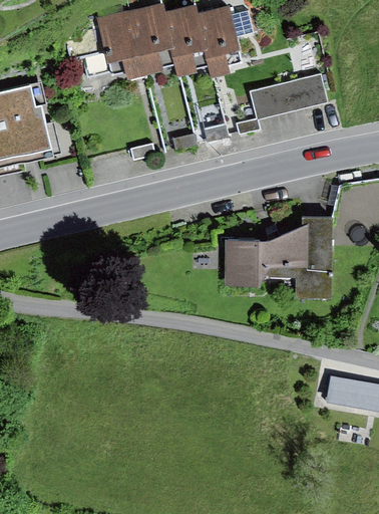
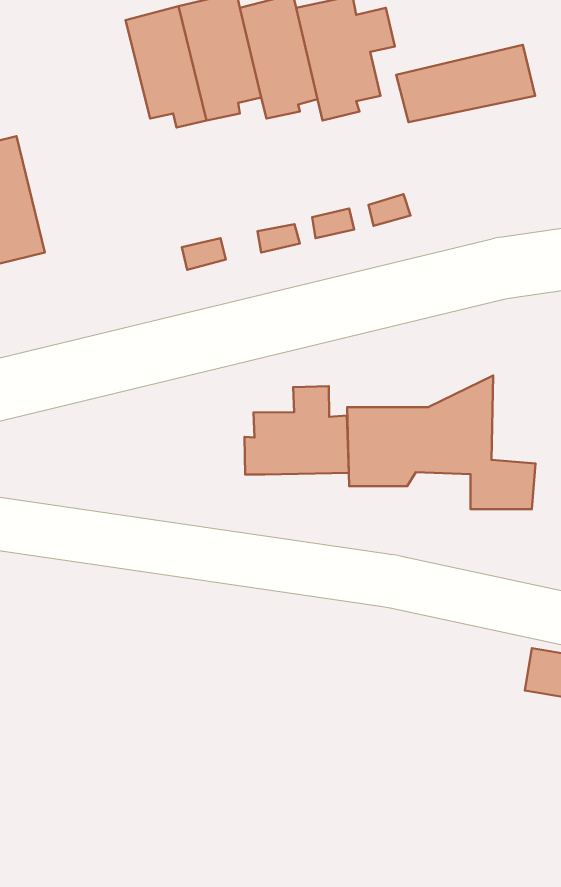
building: [254,79,333,123] -> [396,45,535,122]
building: [306,215,331,271] -> none
building: none -> [245,386,349,475]

